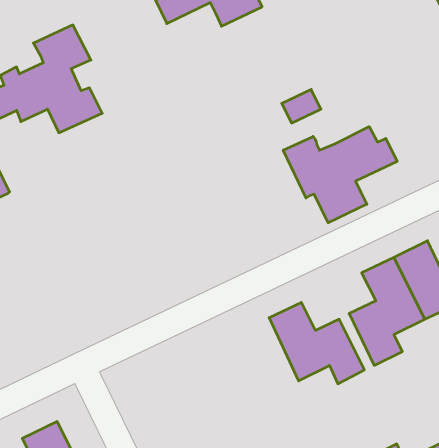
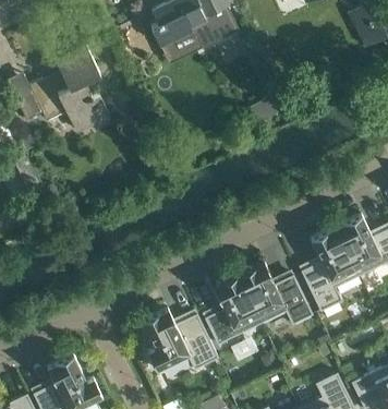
building: [283,127,397,223] -> none
building: none -> [205,274,262,345]
building: none -> [142,309,219,370]

